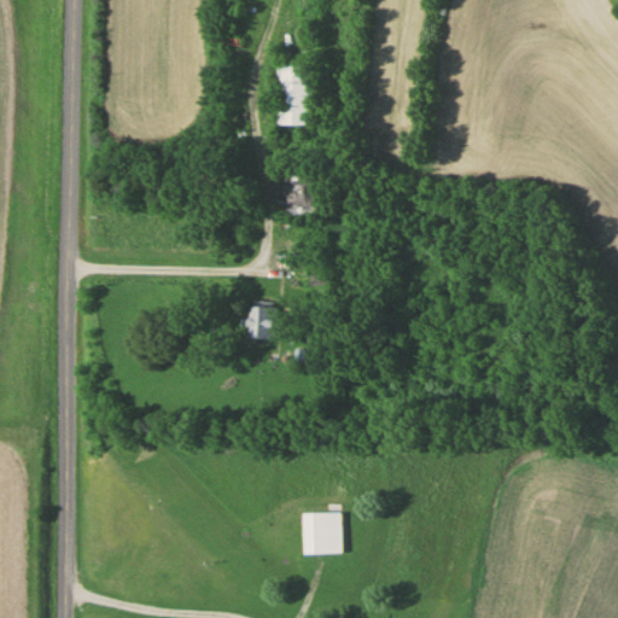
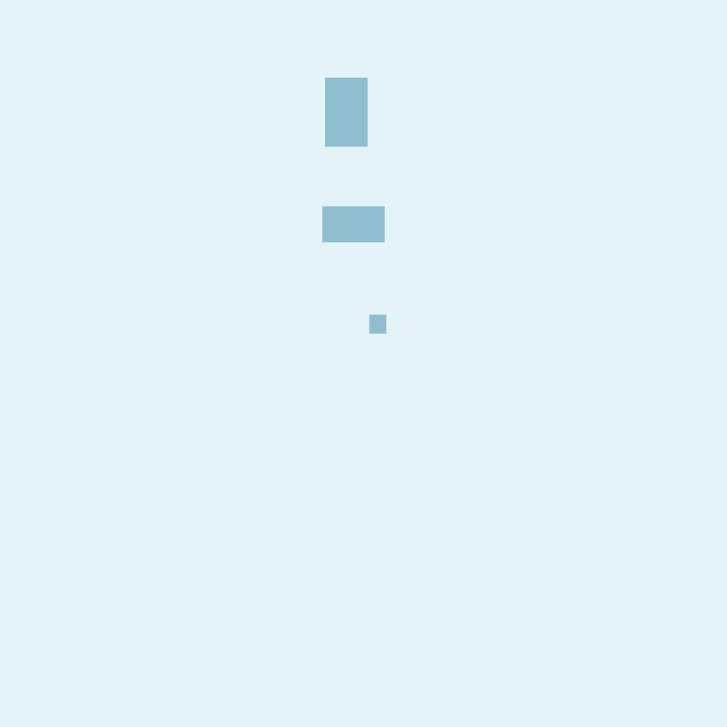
building: [249,307,275,339] -> none
building: [302,514,339,554] -> none

